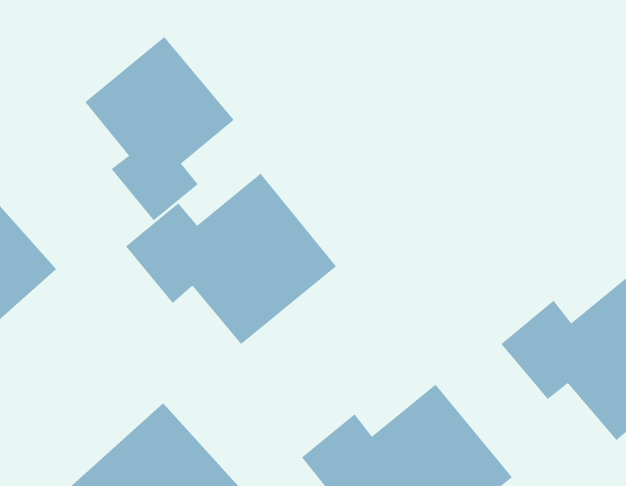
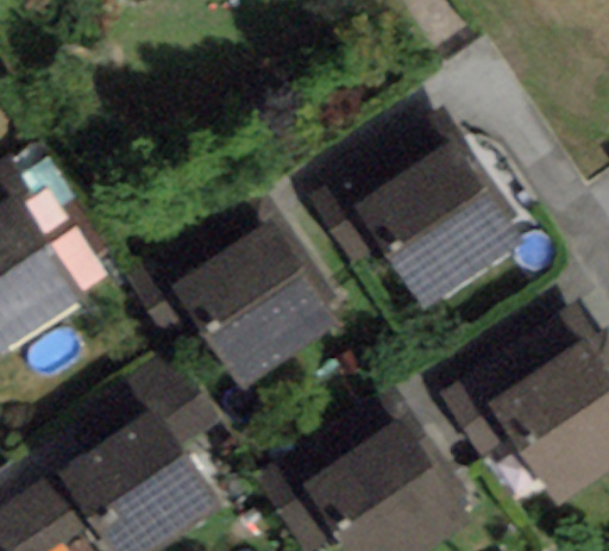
building: [85,36,234,221] -> none
building: none -> [337,150,520,299]

